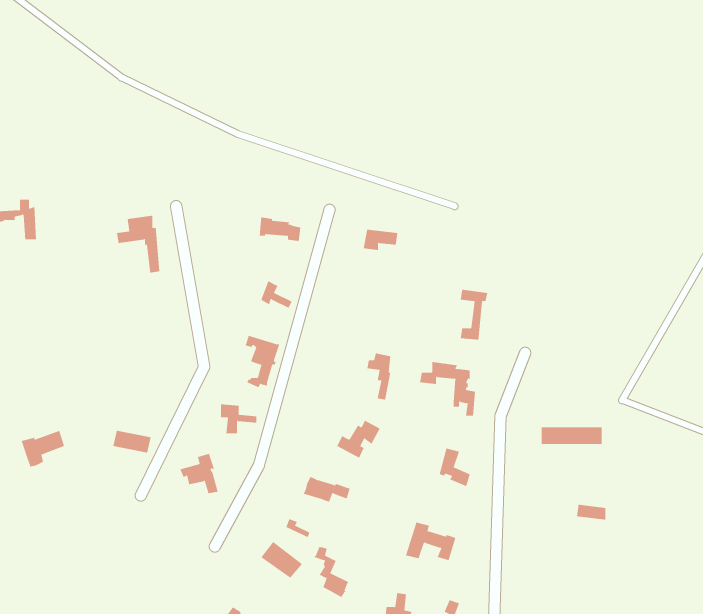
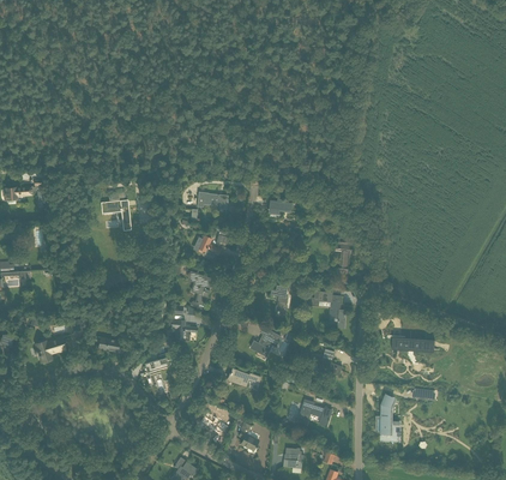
building: none -> [375,394,402,443]

